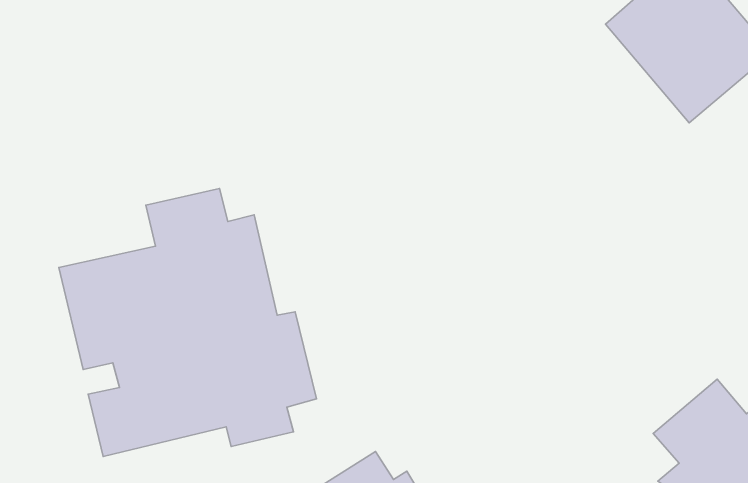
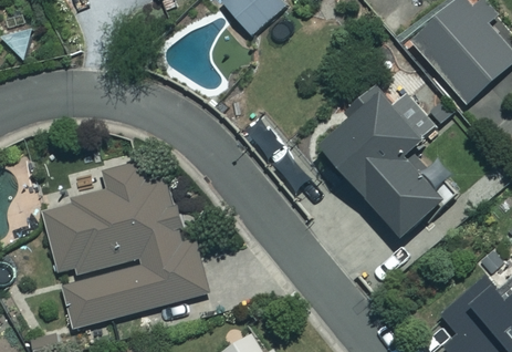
building: none -> [314,90,442,238]

